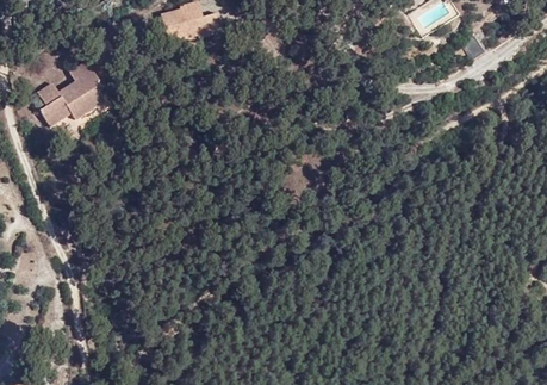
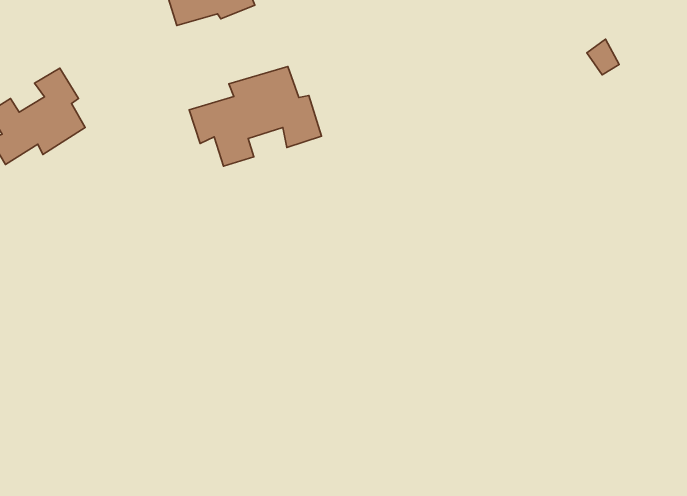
building: none -> [189,67,322,166]

